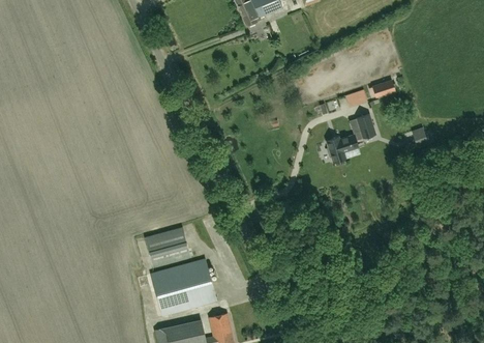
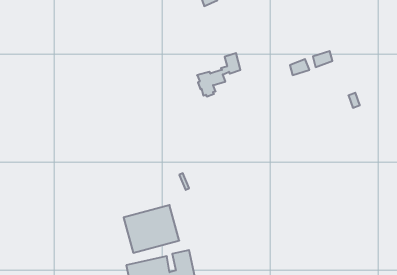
building: [325,114,375,165] -> [197,53,240,96]
building: [146,227,189,266] -> none

